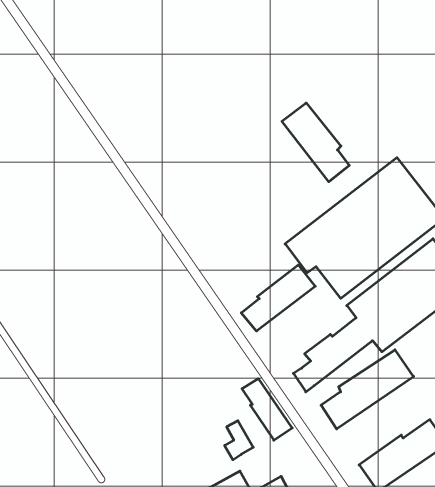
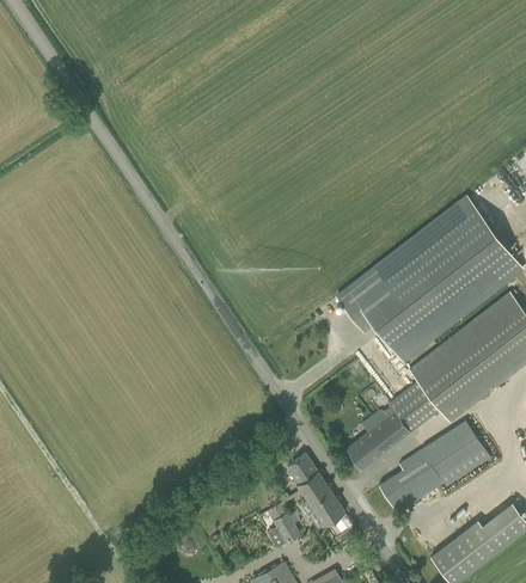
building: [282,103,349,182] -> none
building: [241,265,315,331] -> none

